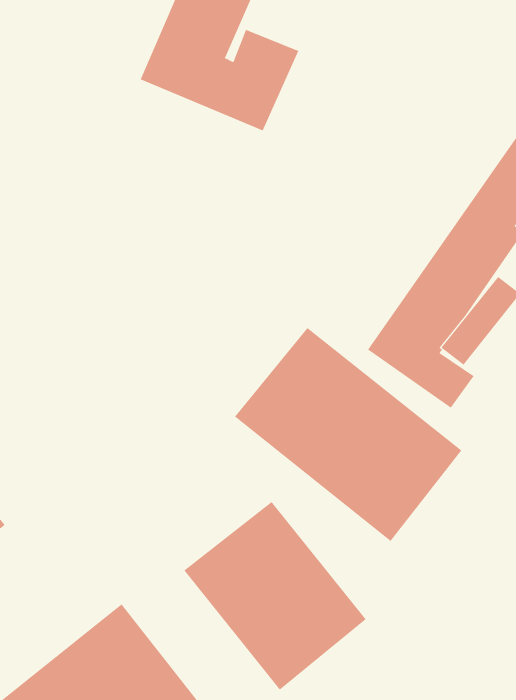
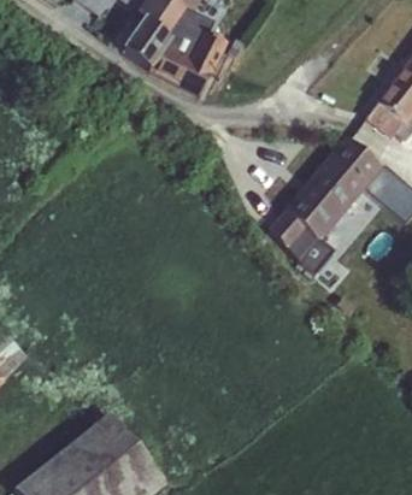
building: [234,327,462,542] -> none
building: [184,501,367,690] -> none

